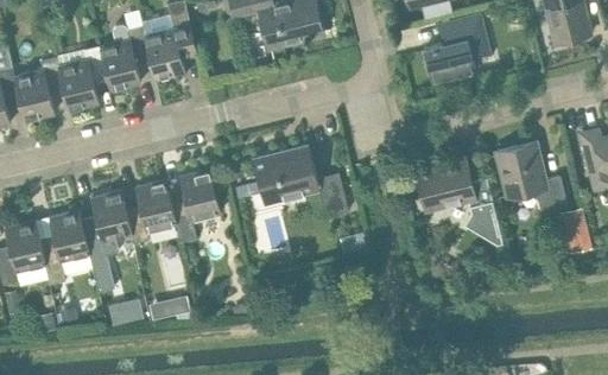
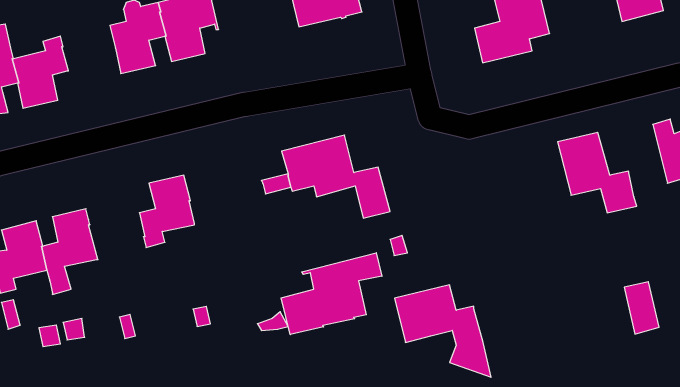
building: [56,47,104,110] -> none
building: [416,159,501,241] -> [395,285,491,377]
building: [170,170,220,243] -> none
building: [81,191,131,265] -> none
building: [560,208,591,254] -> [624,282,659,334]
building: none -> [281,253,382,335]

